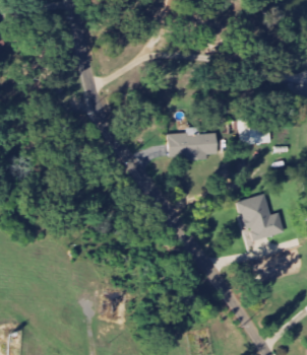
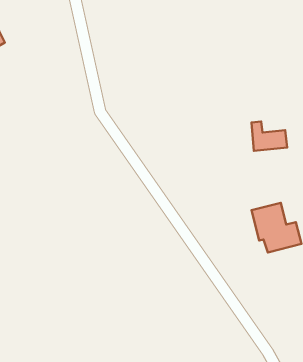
building: [167,127,217,160] -> none

